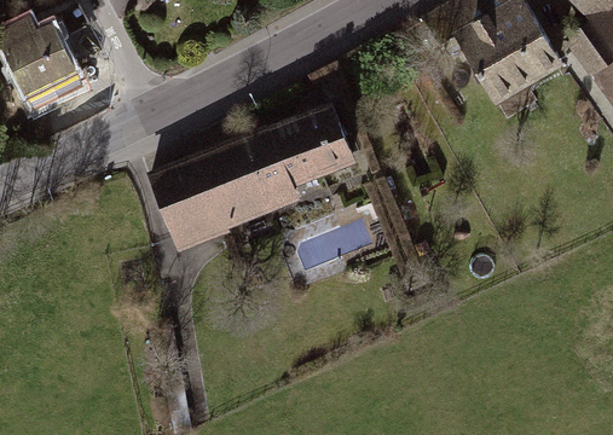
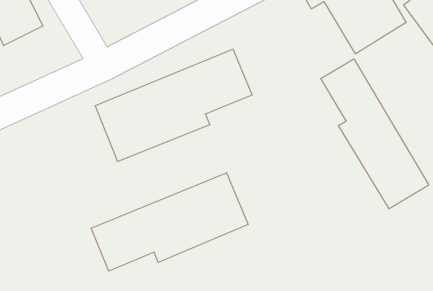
building: none -> [321,59,429,209]
building: none -> [91,173,248,271]

